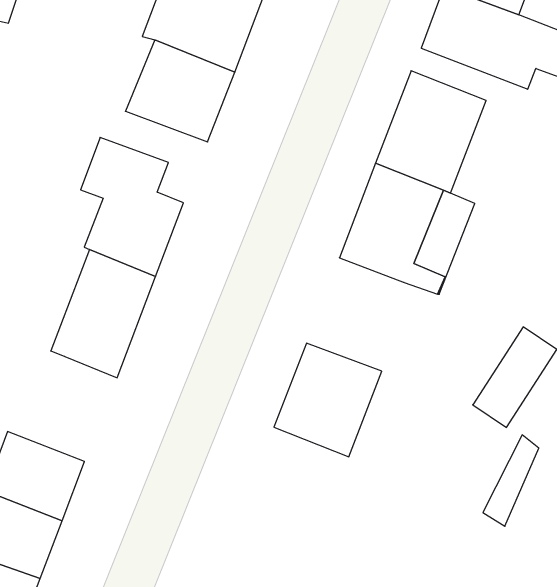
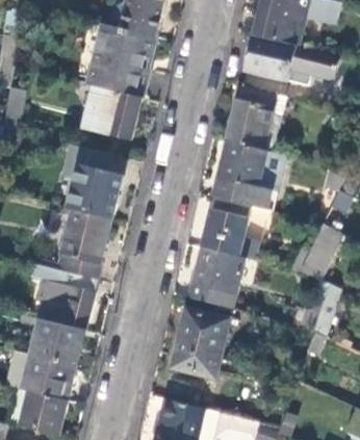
building: none -> [200,197,258,260]
building: none -> [34,266,93,331]
building: none -> [170,308,228,380]

